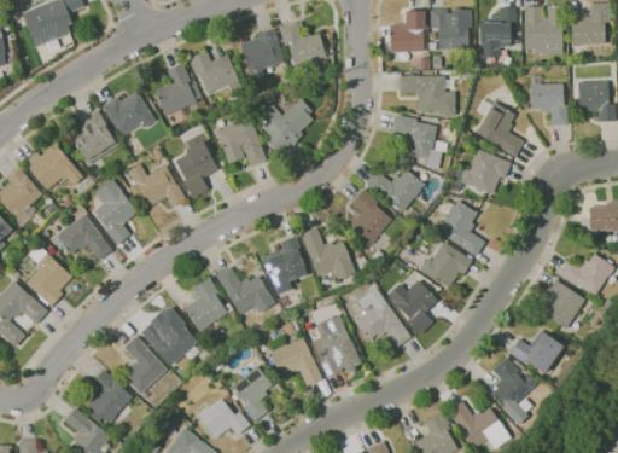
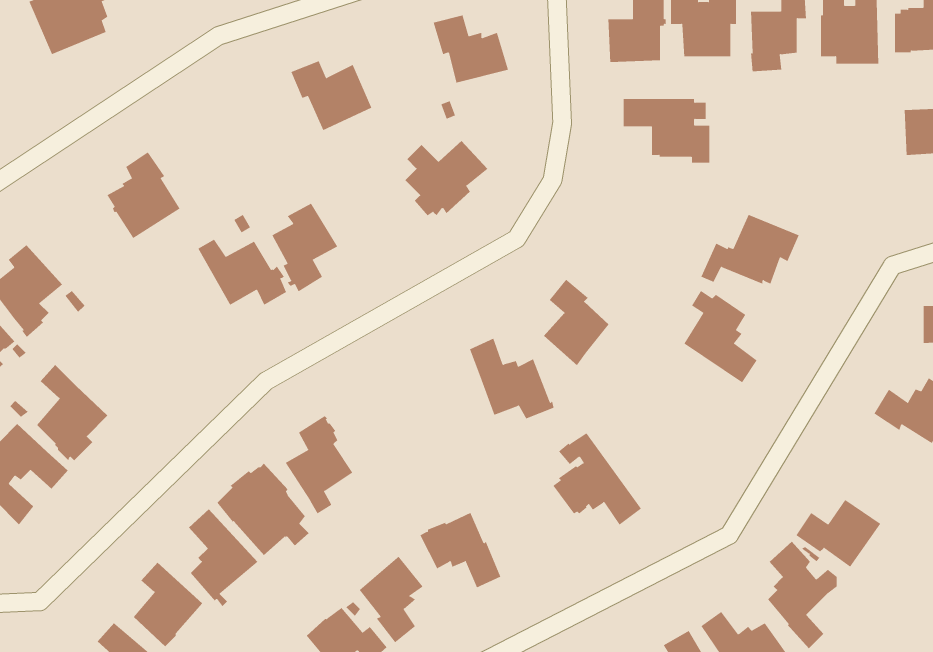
building: [241,29,285,79] -> none
building: [154,63,198,115] -> none
building: [530,75,569,124] -> none
building: [104,92,154,135] -> none
building: [476,98,524,156] -> none
building: [393,114,448,169] -> none
building: [216,117,268,167] -> none
building: [24,141,83,190] -> none
building: [366,169,425,211] -> none
building: [94,179,138,245] -> none
building: [57,214,113,260] -> none
building: [263,237,309,295] -> none
building: [420,242,473,288] -> none
building: [216,267,276,314] -> none
building: [389,280,438,335] -> none
building: [541,280,585,329] -> none
building: [311,314,362,377] -> none

